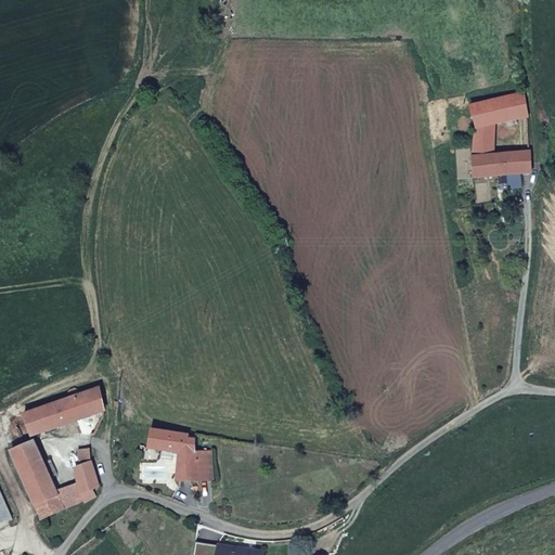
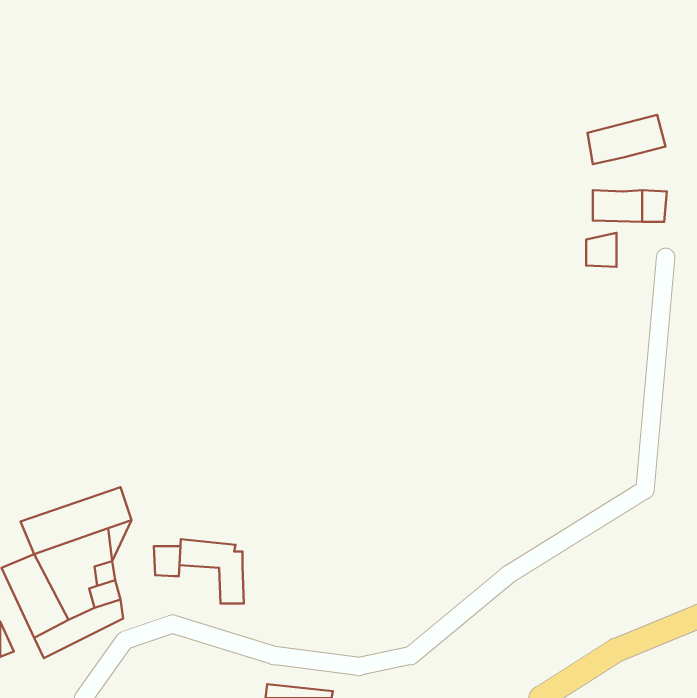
building: [472,125,495,152] -> [586,233,616,267]
building: none -> [154,546,180,576]
building: [194,449,214,478] -> none

